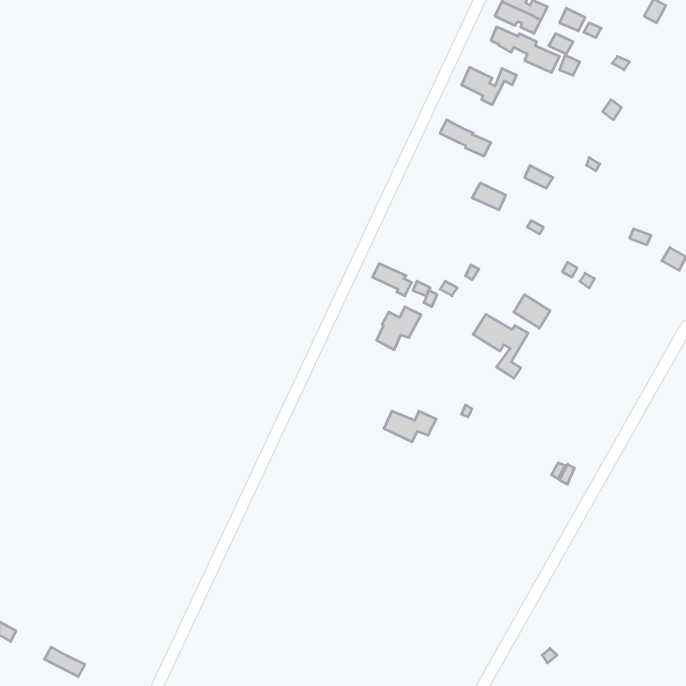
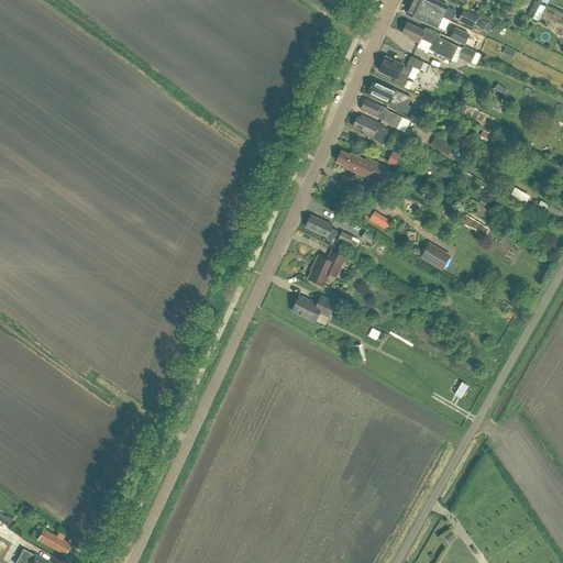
building: none -> [367,81,410,113]
building: none -> [352,114,393,144]
building: none -> [335,150,387,181]
building: [473,314,528,378] -> none
building: [384,411,436,442] -> [291,296,334,321]

